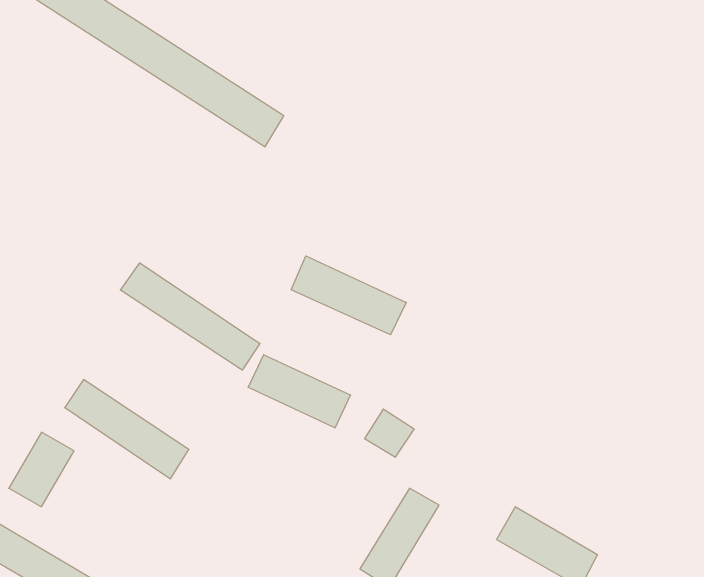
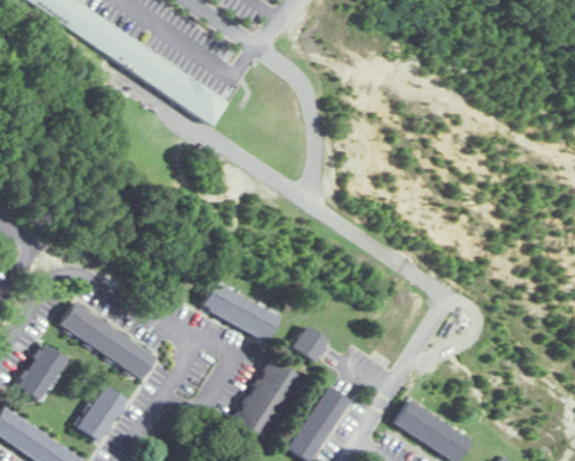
building: [291,256,406,335] -> none
building: [120,263,260,370] -> none
building: none -> [229,359,301,444]
building: none -> [77,385,127,442]

